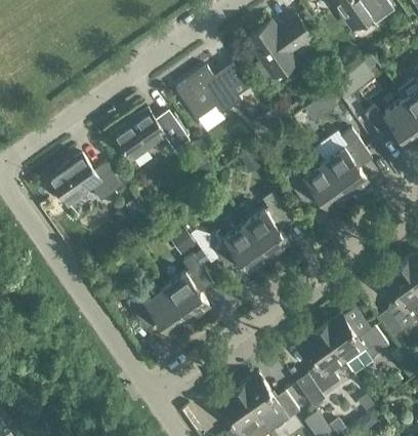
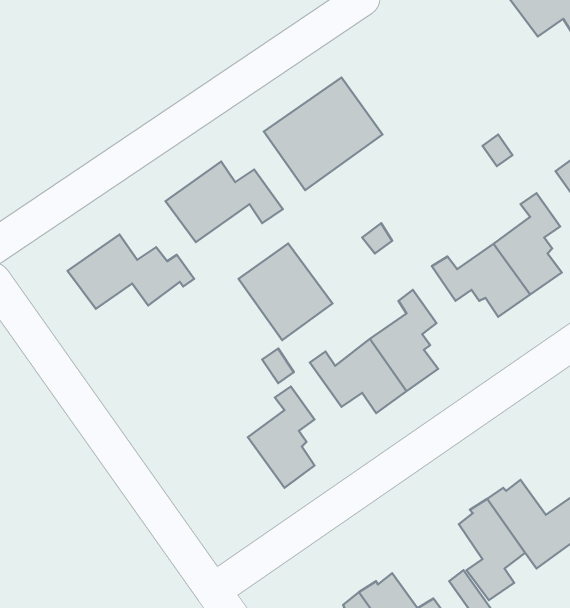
building: [247,16,316,77] -> none
building: none -> [238,244,333,340]
building: [126,287,190,334] -> none

